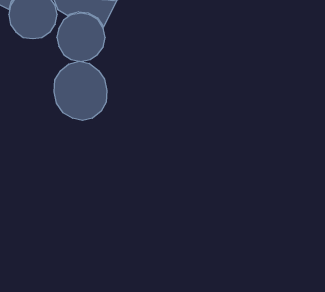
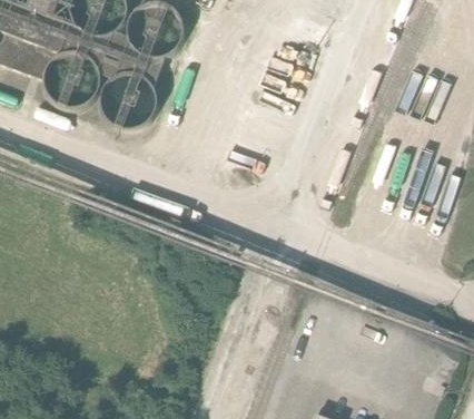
building: [54,61,107,120] -> none

